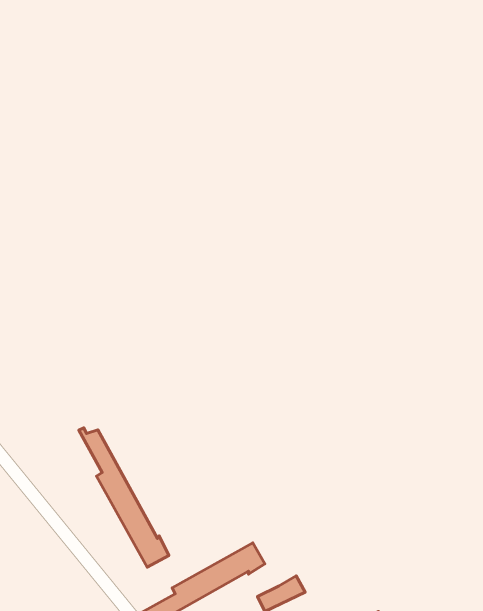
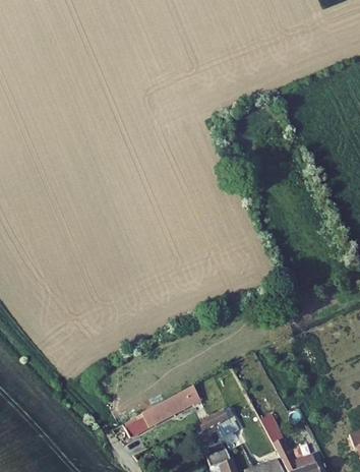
building: [79,428,169,567] -> none

